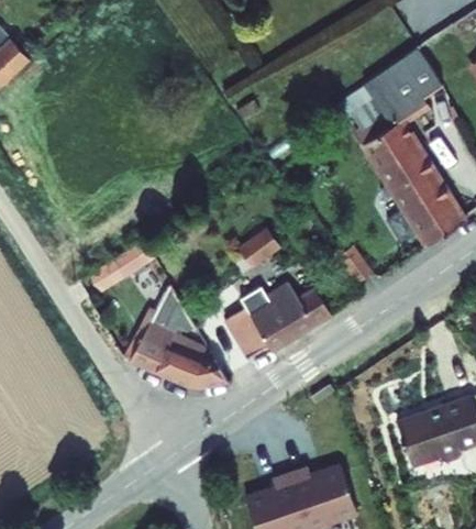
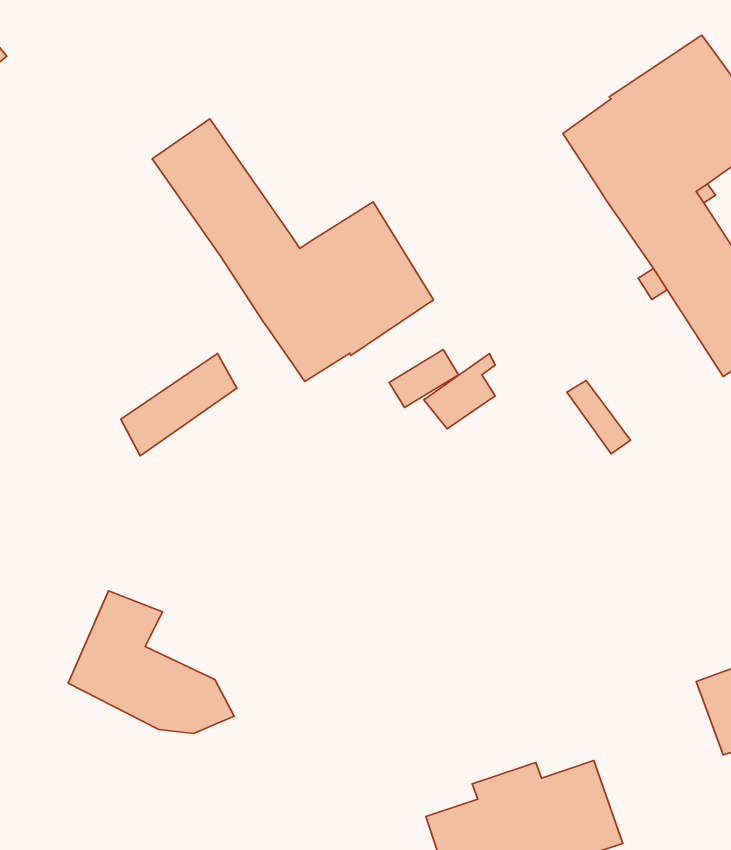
building: none -> [152,119,434,381]
building: [222,280,329,359] -> none
building: [125,305,220,386] -> [68,591,234,733]

